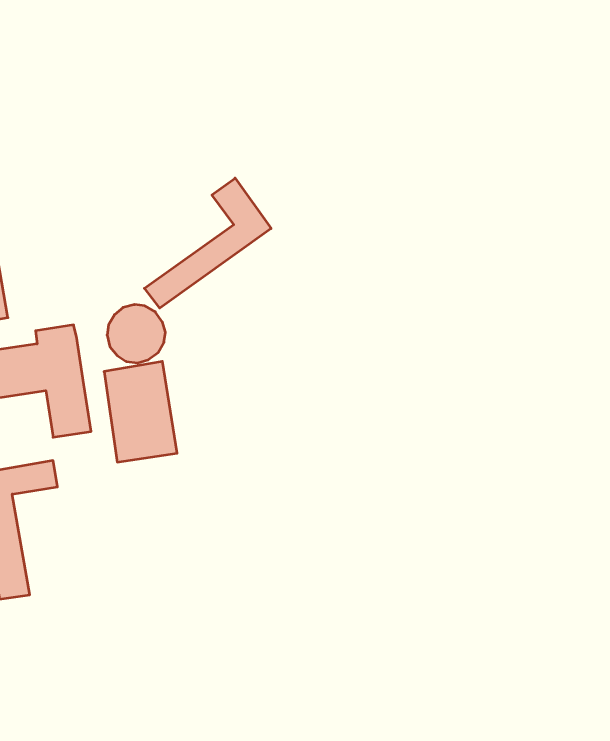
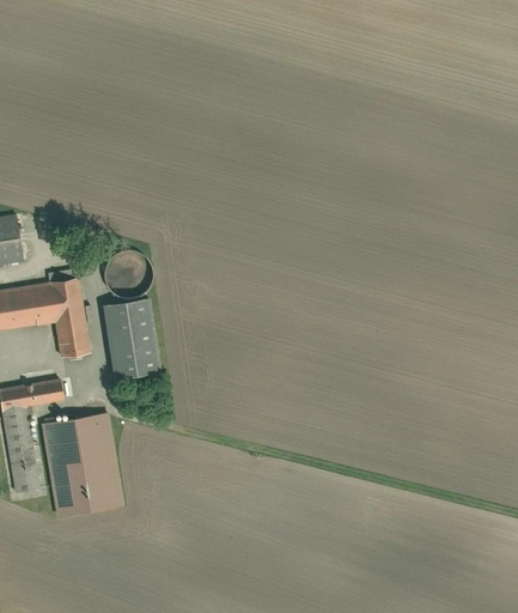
building: [144,178,271,308] -> none
building: none -> [39,413,124,516]

